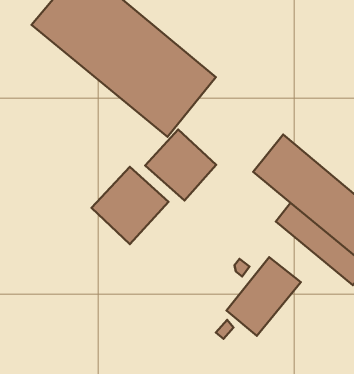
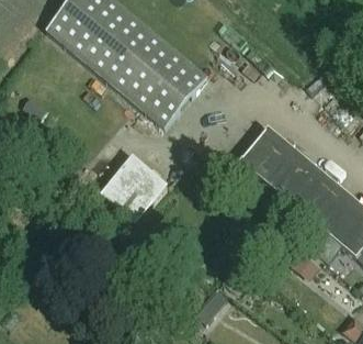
building: [145,130,216,201] -> none
building: [226,257,301,336] -> none

